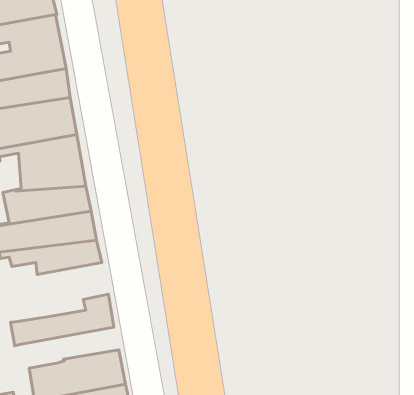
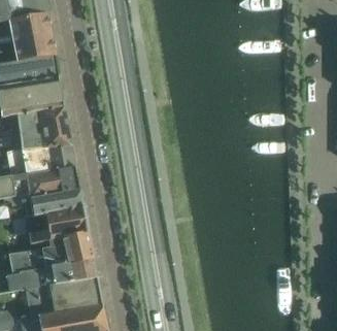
building: none -> [24,206,87,243]
building: none -> [18,257,95,282]

